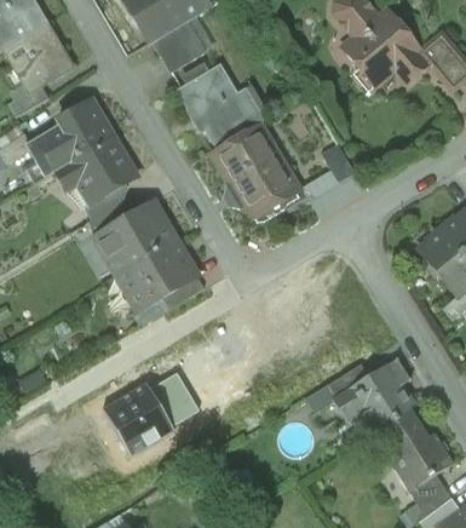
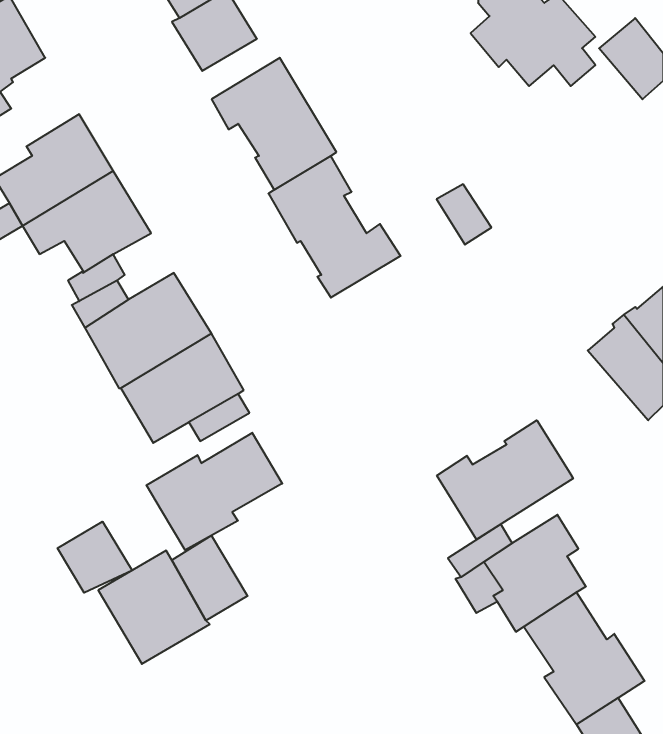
building: none -> [437,420,573,540]
building: none -> [146,433,282,550]
building: none -> [58,522,132,593]

